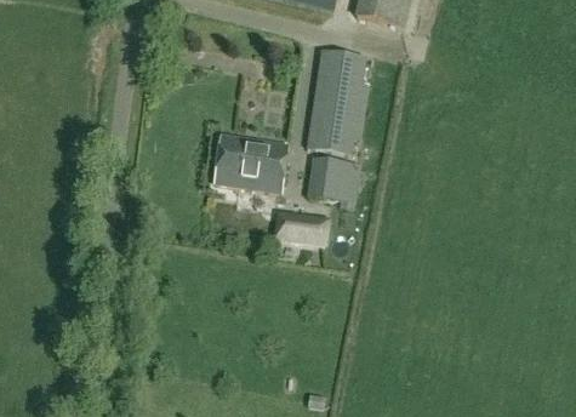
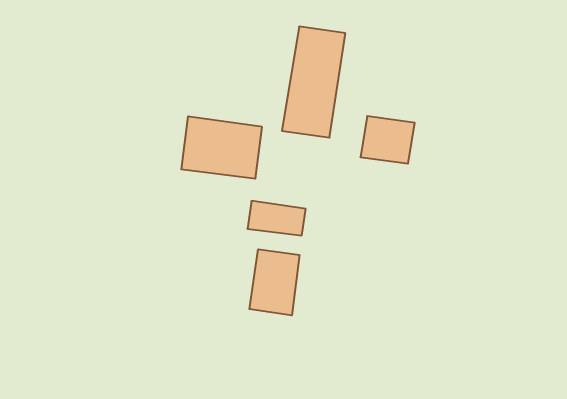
building: [308,159,358,202] -> [360,116,415,164]
building: none -> [250,249,299,315]

